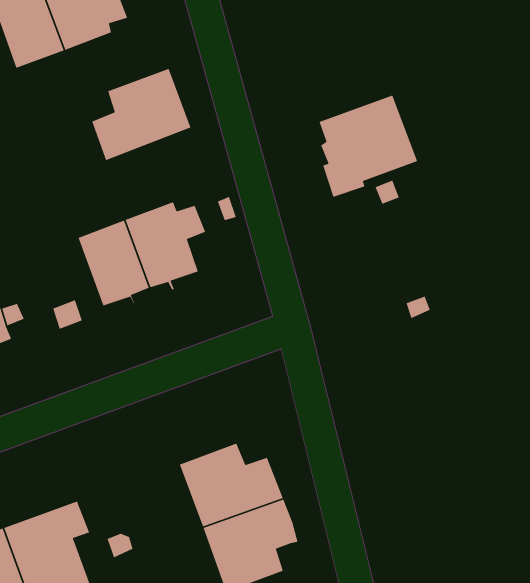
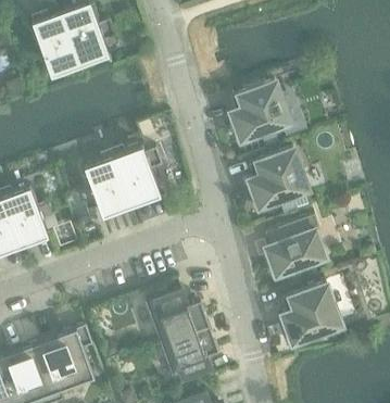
building: [91,68,192,161] -> none
building: none -> [248,150,307,212]
building: none -> [265,215,325,280]
building: none -> [281,285,341,348]

